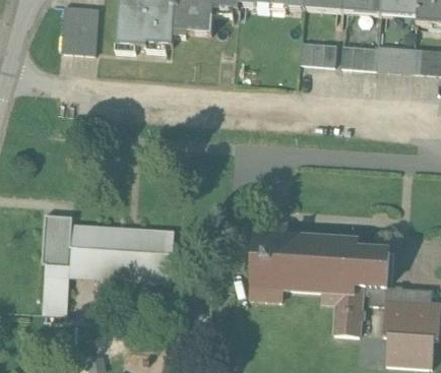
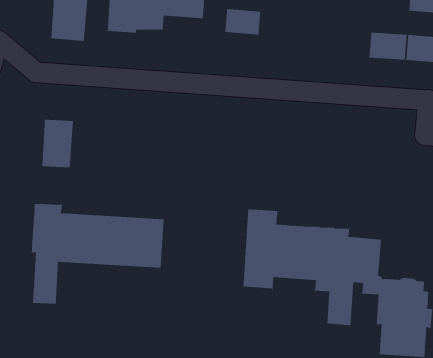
building: [300,42,336,68] -> [224,9,261,35]
building: [341,45,378,71] -> none
building: none -> [42,119,74,168]

